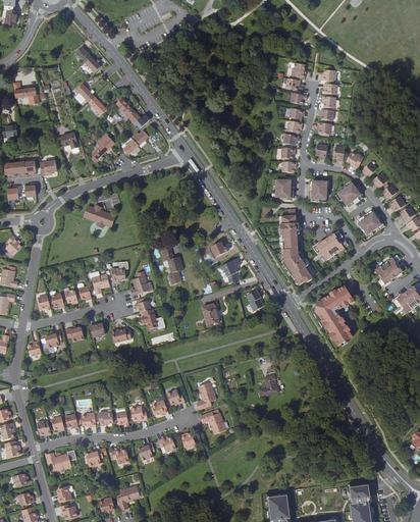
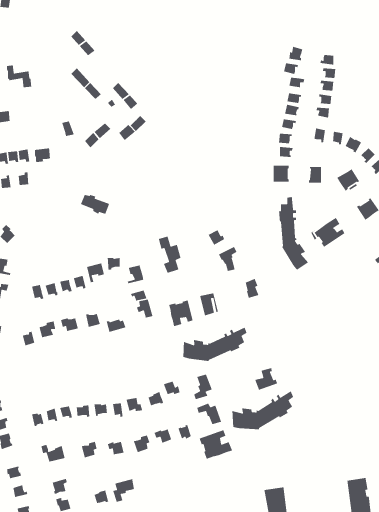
building: [315,283,353,345] -> none
building: none -> [168,299,193,327]
building: none -> [182,327,247,362]
building: none -> [232,390,294,430]
building: none -> [199,429,233,460]

